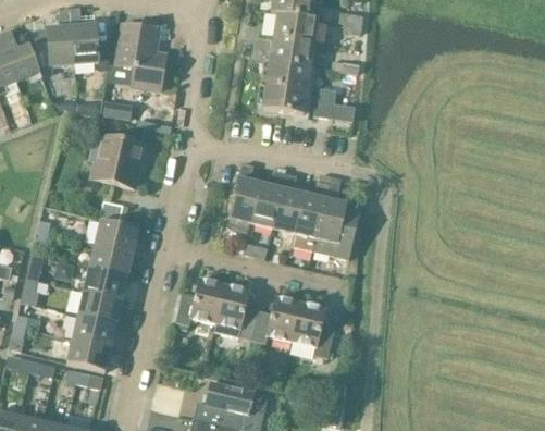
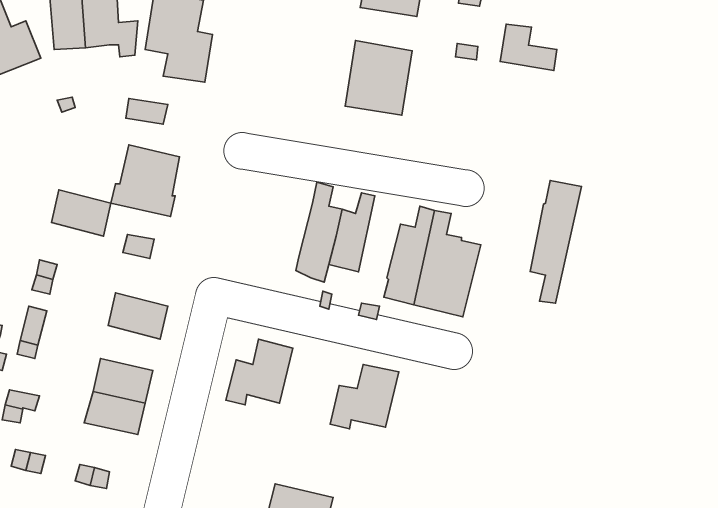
building: [270,35,314,66] -> none
building: [313,87,355,121] -> [500,24,557,70]
building: none -> [530,181,581,303]
building: [272,172,302,232] -> none
building: [95,219,138,253] -> [51,190,111,236]
building: [84,267,127,299] -> none
building: [213,283,258,338] -> none
building: [292,300,335,357] -> none
building: [66,337,111,371] -> none

